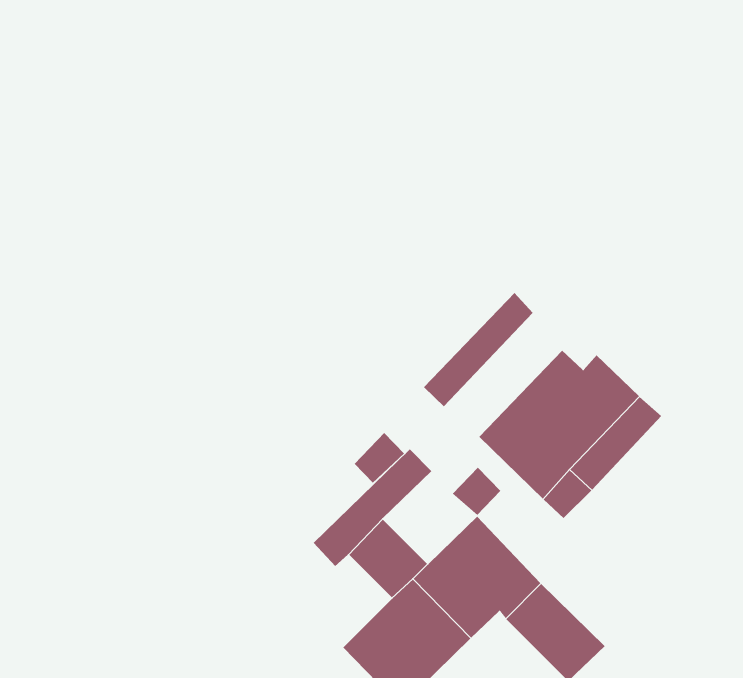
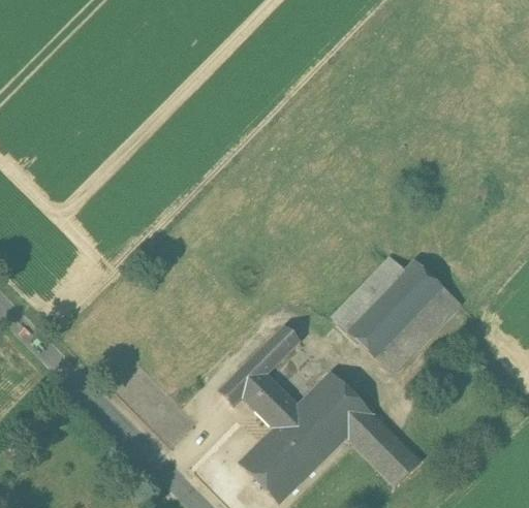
building: [423,292,534,407] -> none
building: [354,432,405,484] -> none
building: [452,467,501,516] -> none

